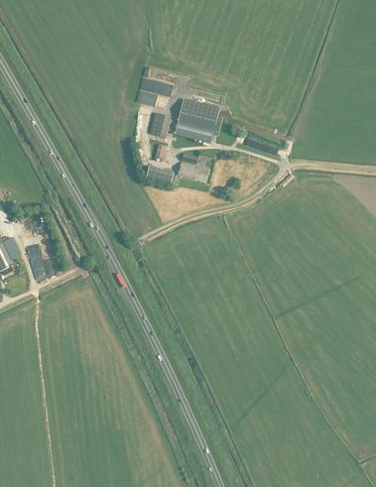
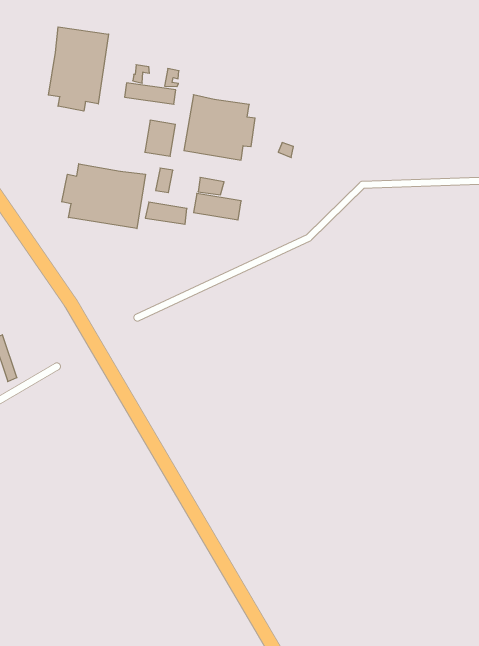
building: none -> [48,27,109,111]
building: none -> [62,164,145,229]

